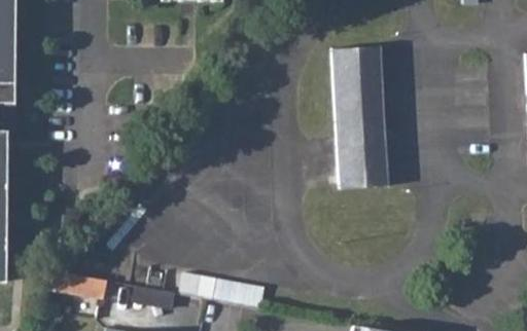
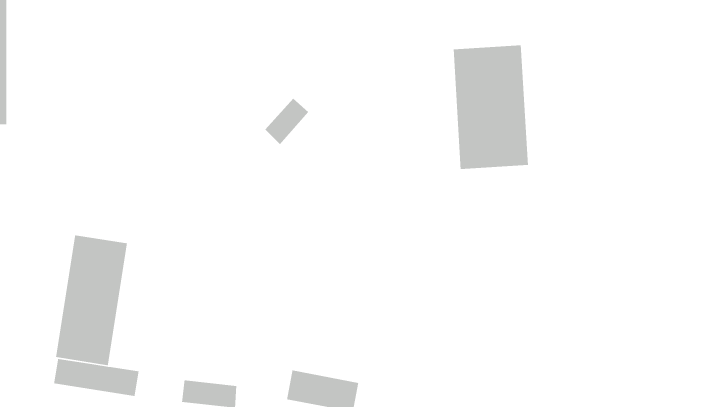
building: [337,133,389,189] -> none
building: none -> [55,234,128,366]

